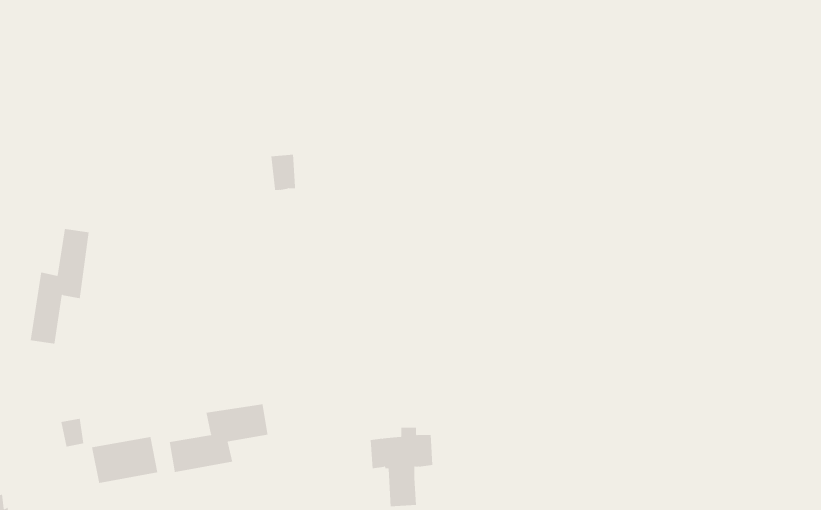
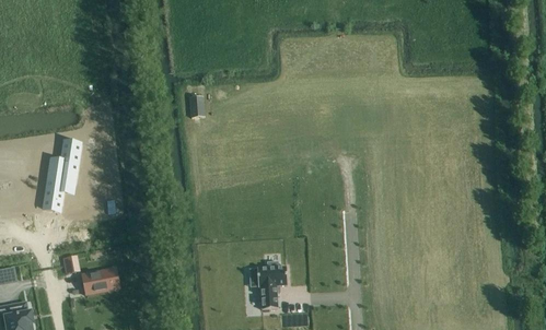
building: [169,404,268,473] -> none

